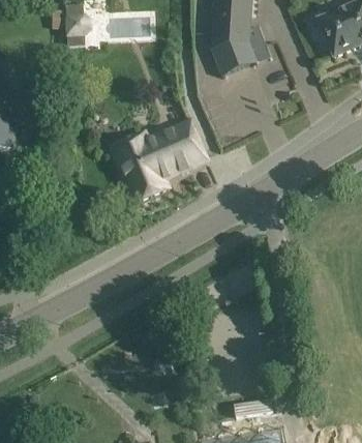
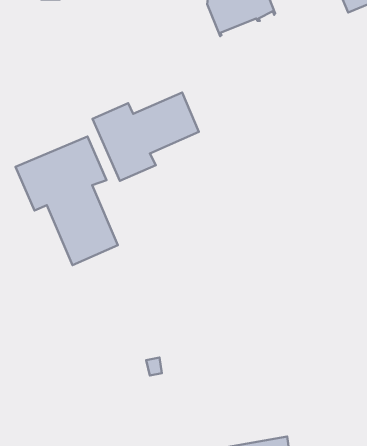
building: none -> [15,136,118,265]

